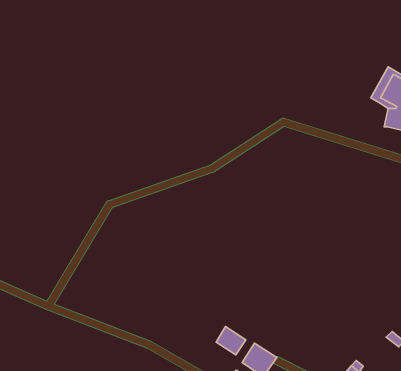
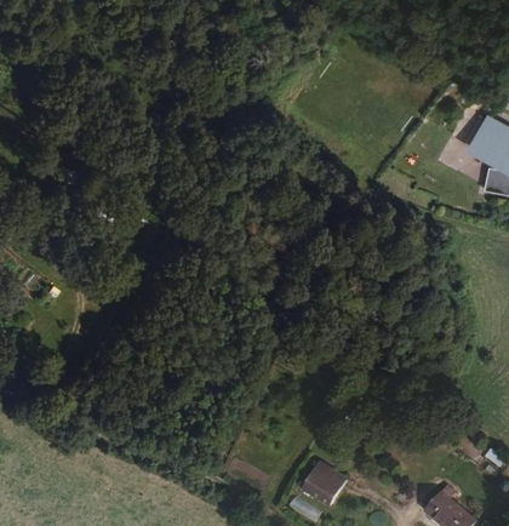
building: [216,327,246,355] -> none

